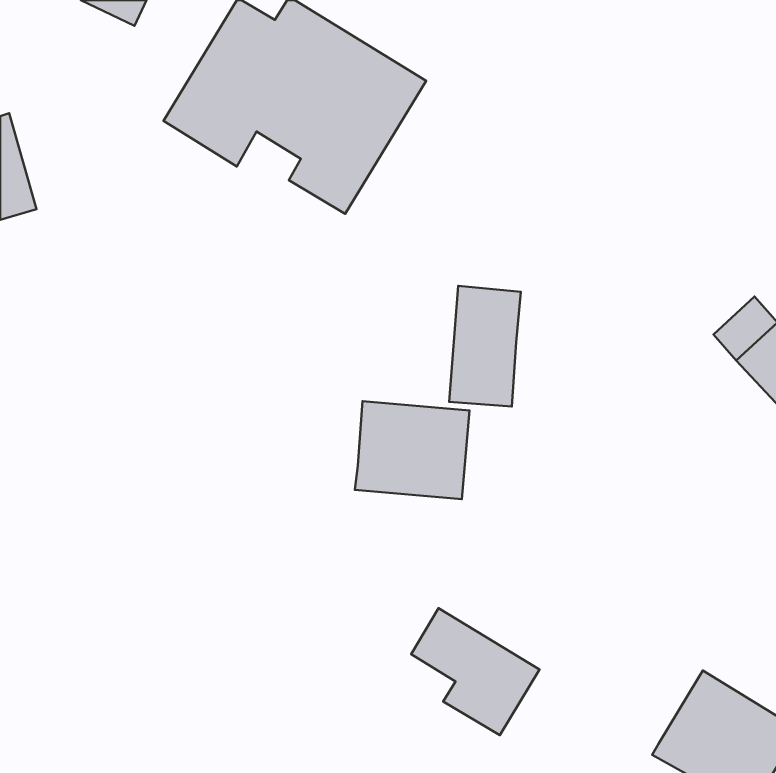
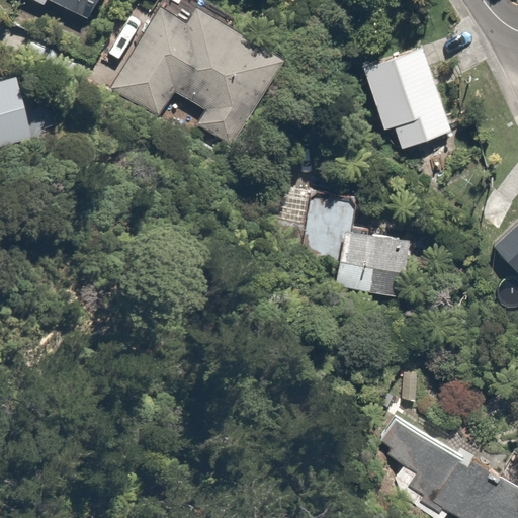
building: none -> [359,45,451,151]
building: [355,401,469,499] -> [340,232,416,296]
building: [411,608,539,735] -> [380,414,465,498]

